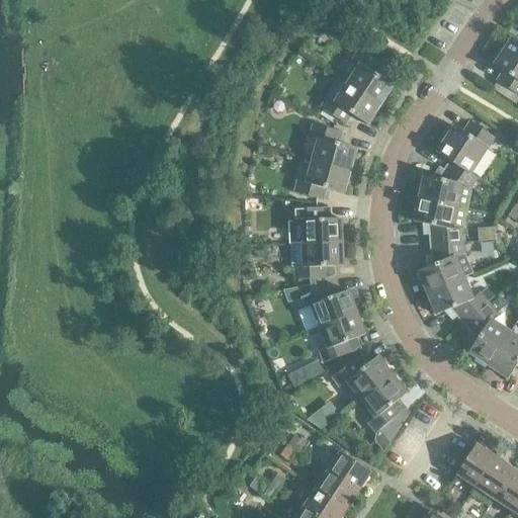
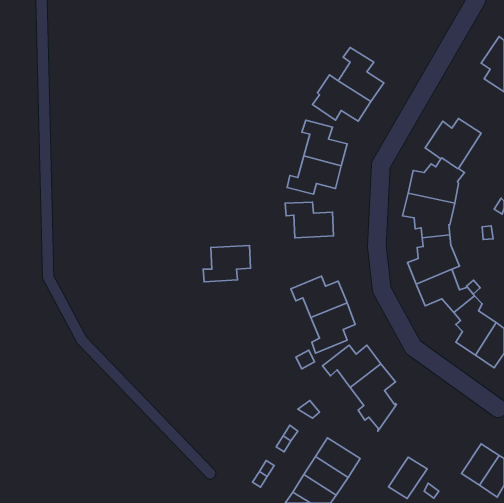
building: [294,242,343,279] -> [203,245,250,282]
building: [454,443,494,486] -> [389,457,427,499]

